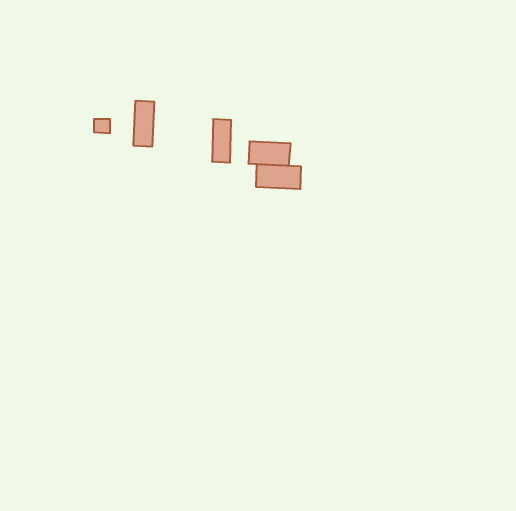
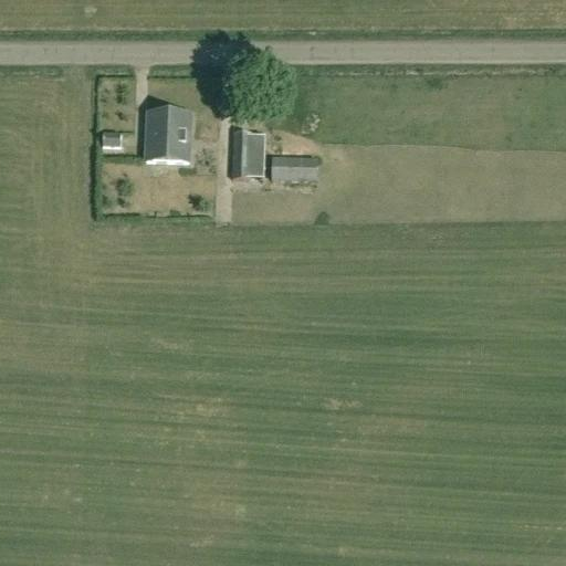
building: none -> [167,112,190,161]
building: [256,164,301,189] -> none

